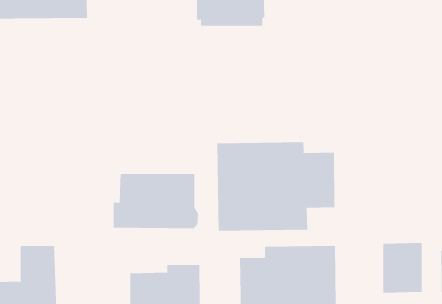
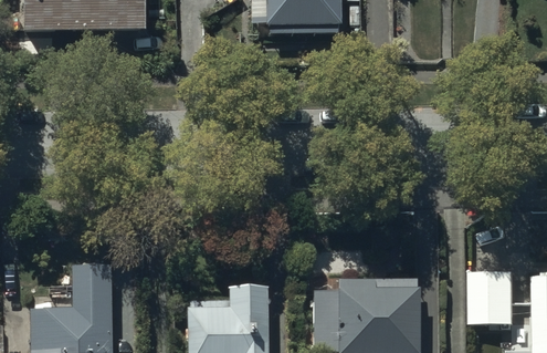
building: [217,142,335,231] -> none
building: [113,173,198,229] -> none

